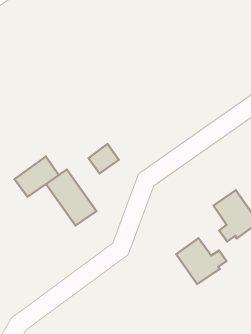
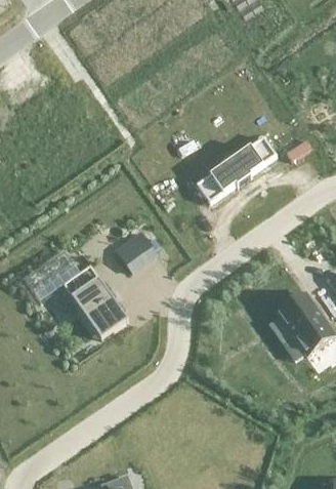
building: none -> [195,135,275,201]
building: [176,238,226,284] -> none

